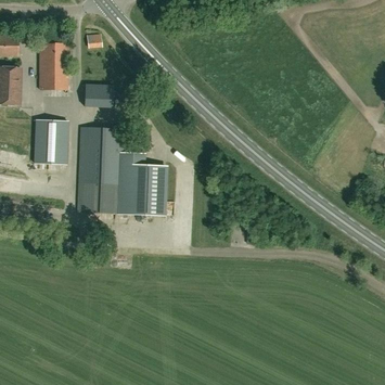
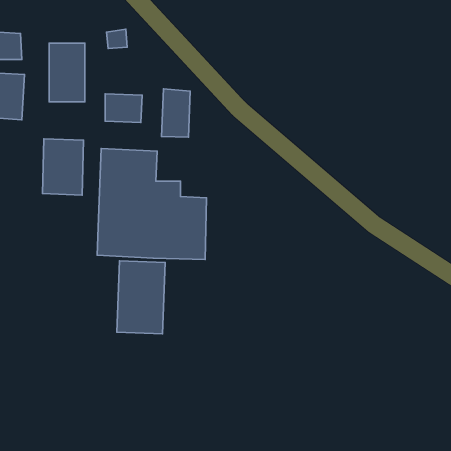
building: none -> [162,89,190,137]
building: none -> [117,261,165,334]

